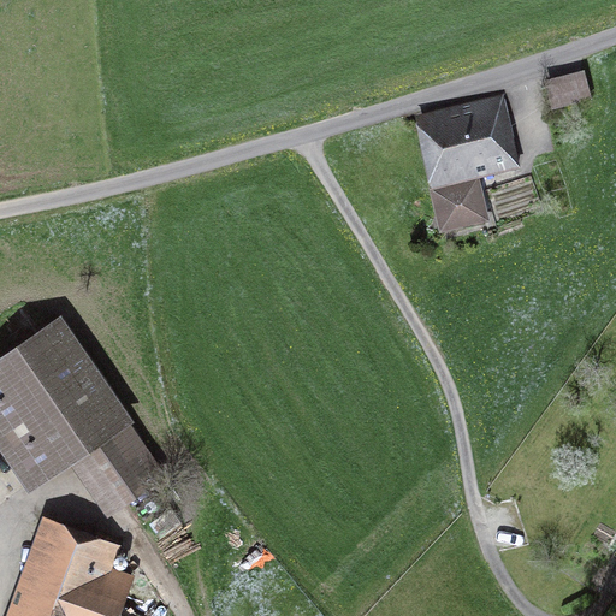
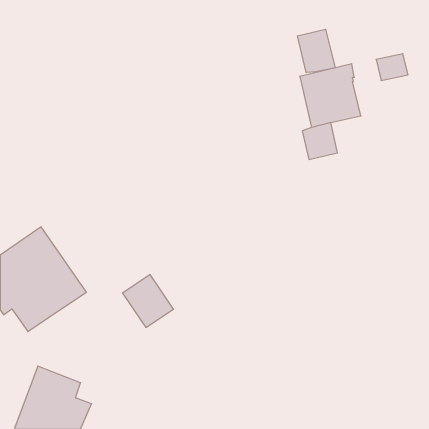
building: none -> [297,29,335,73]
building: [84,419,158,494] -> [122,275,174,327]

